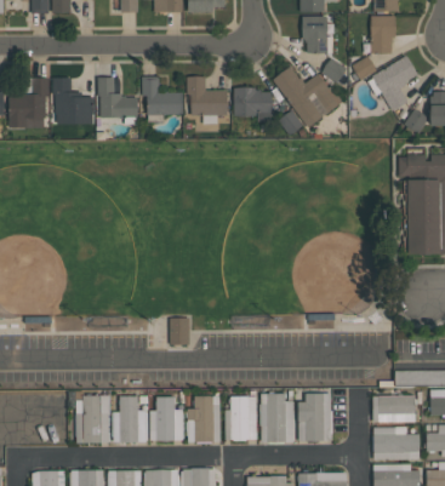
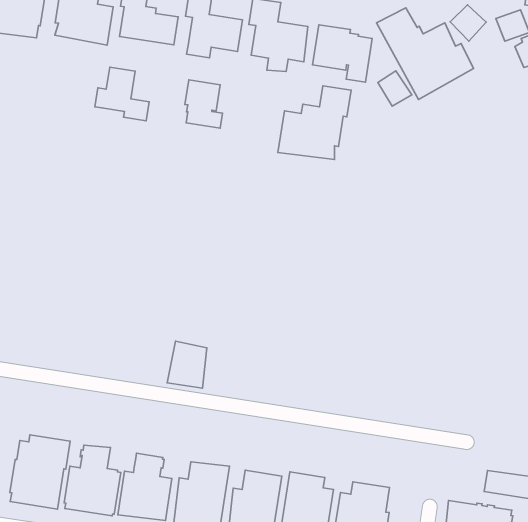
building: none -> [278,86,351,159]
building: none -> [95,67,149,121]
building: none -> [185,80,223,128]

